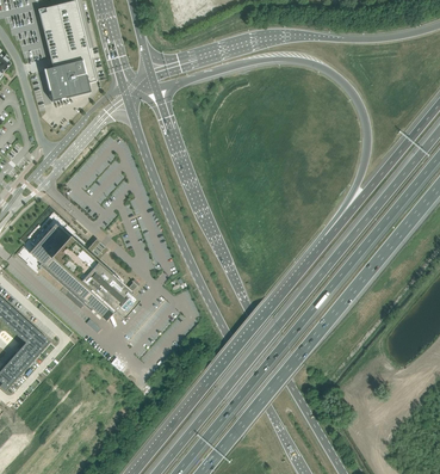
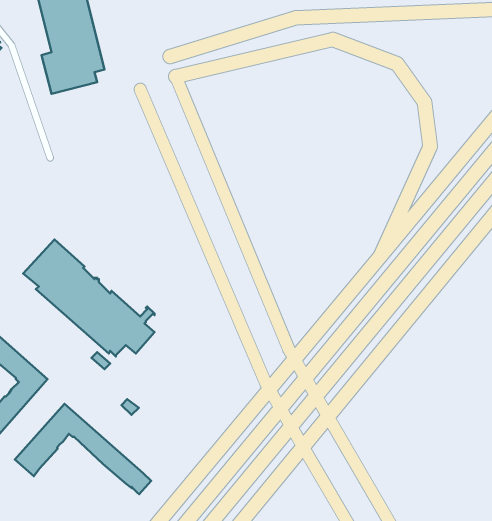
building: none -> [15,404,151,494]

